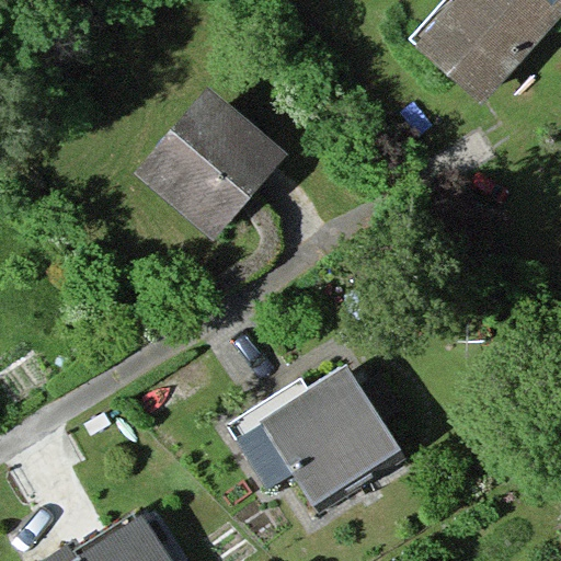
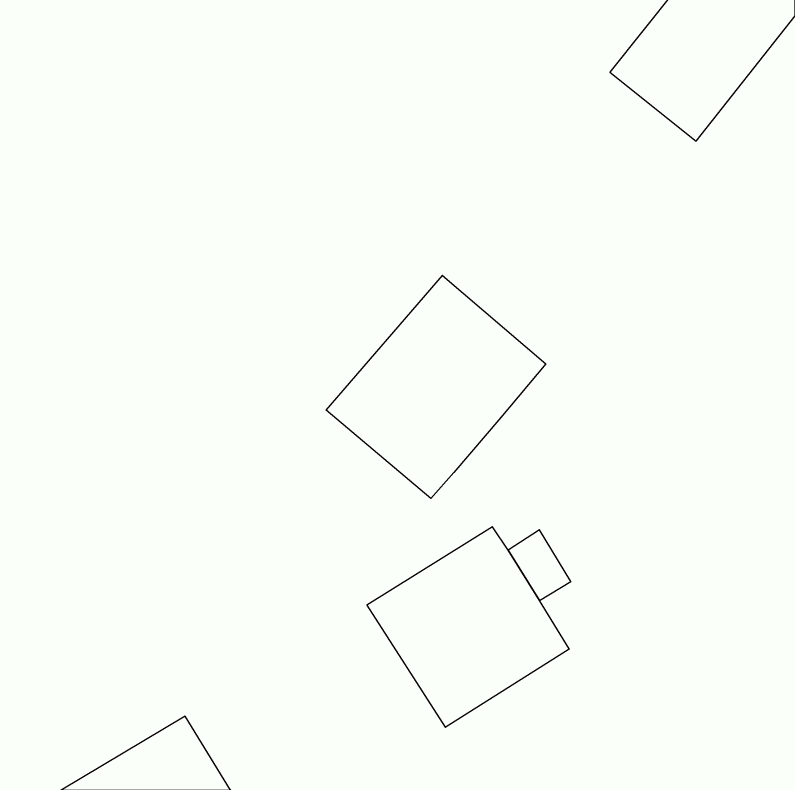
building: [139,94,277,233] -> none
building: none -> [326,275,546,498]

